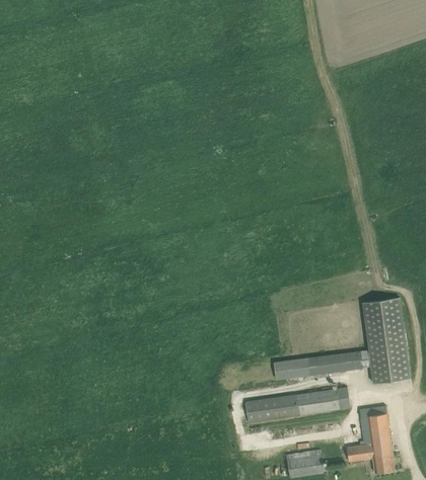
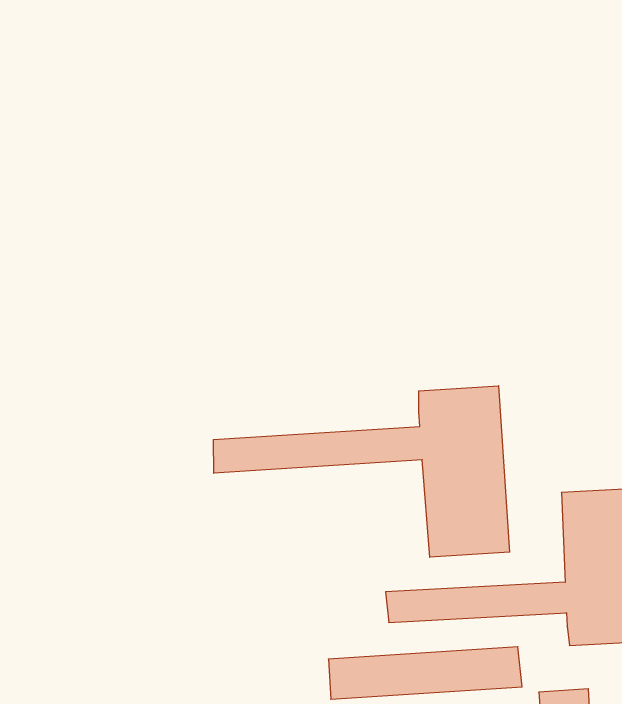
building: none -> [213,386,510,557]

